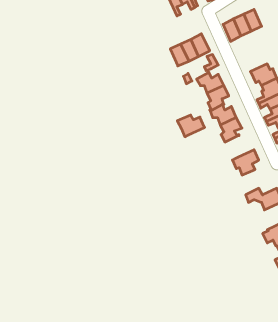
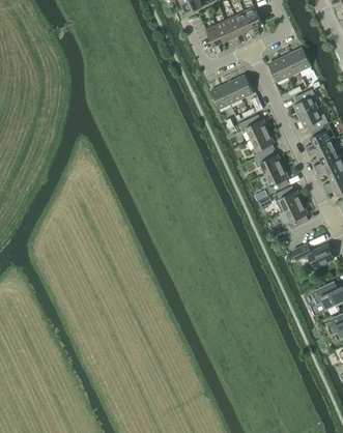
building: none -> [293,88,317,115]
building: [177,115,205,137] -> [273,187,303,211]

